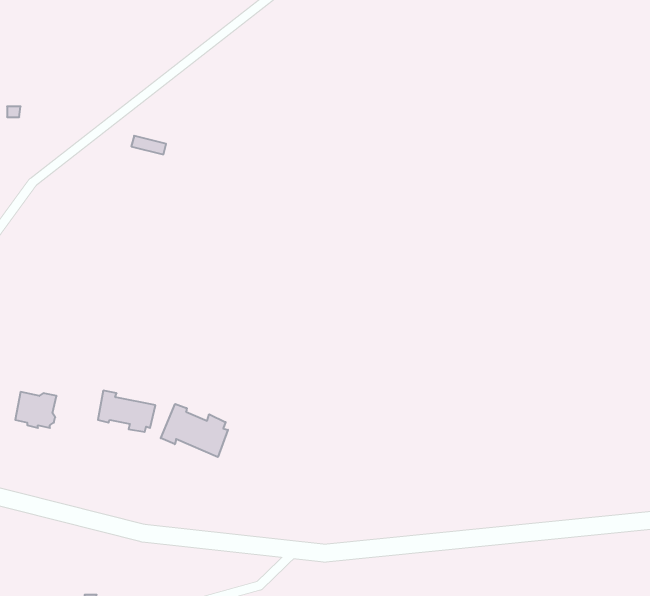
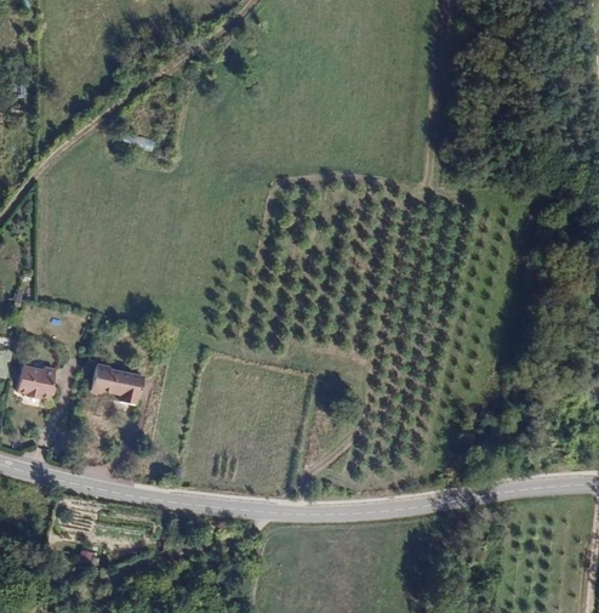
building: [161,404,228,457] -> none

